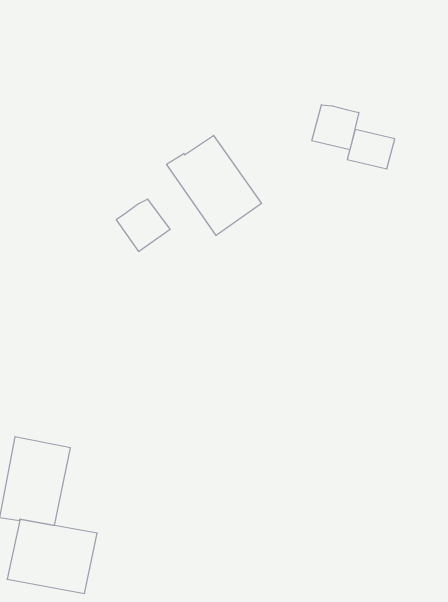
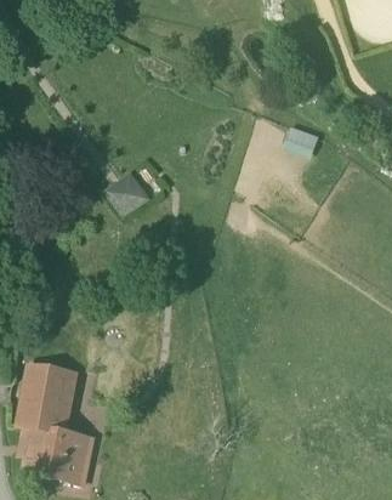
building: [312,105,359,150] -> none
building: [167,135,261,235] -> none

